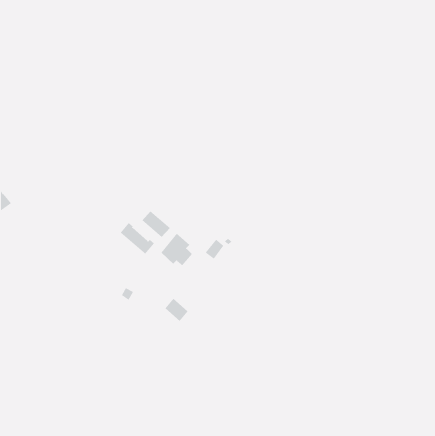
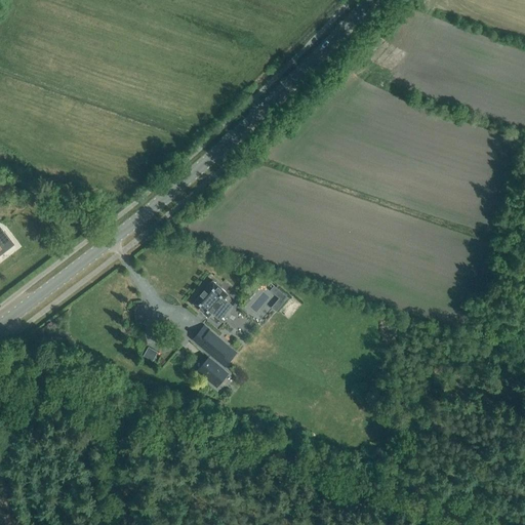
building: [141,211,171,238] -> none
building: [120,222,155,255] -> [195,327,237,366]

